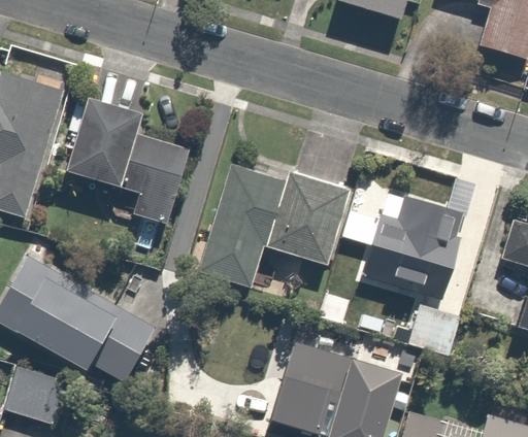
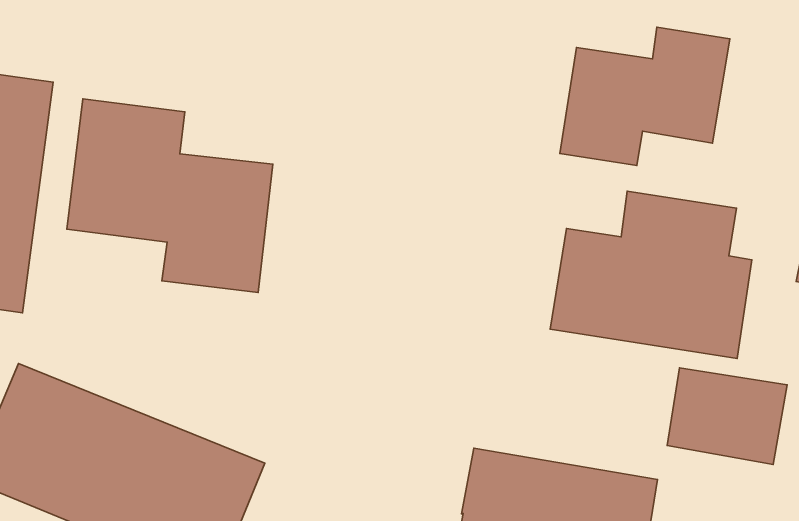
building: none -> [560,27,730,166]
building: [187,162,346,280] -> none

